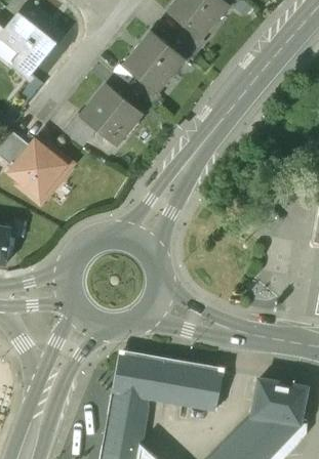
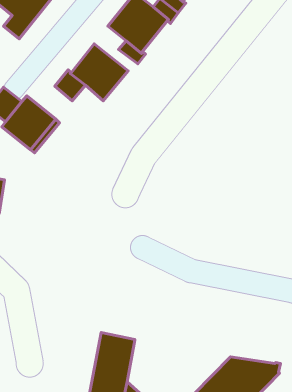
building: [114,353,223,410] -> none
building: [251,378,307,423] -> none

